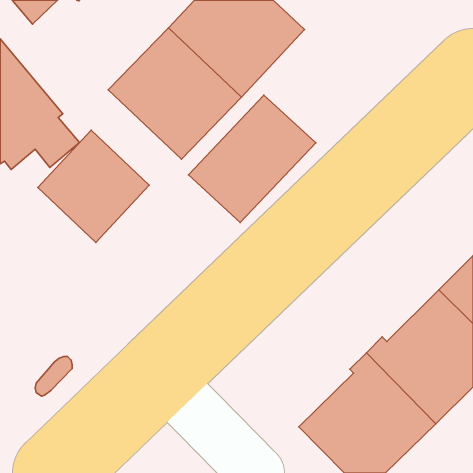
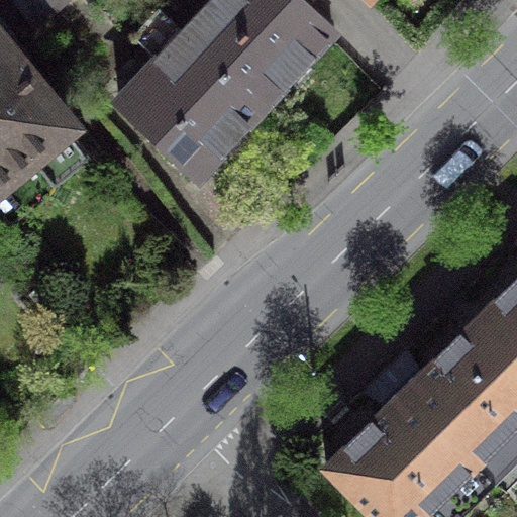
building: [188,95,316,223] -> none
building: [38,130,149,242] -> none

